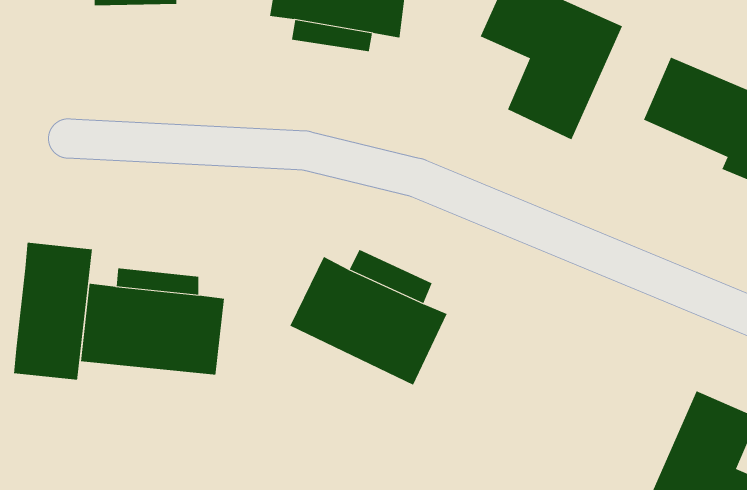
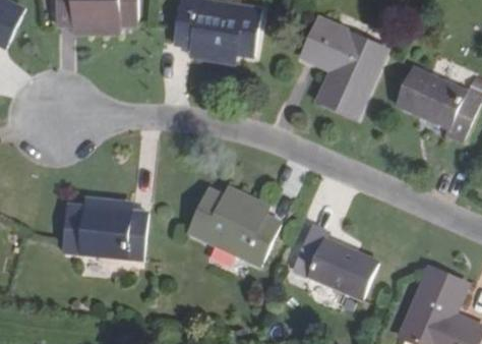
building: [14,242,93,380] -> none
building: none -> [291,223,378,299]

